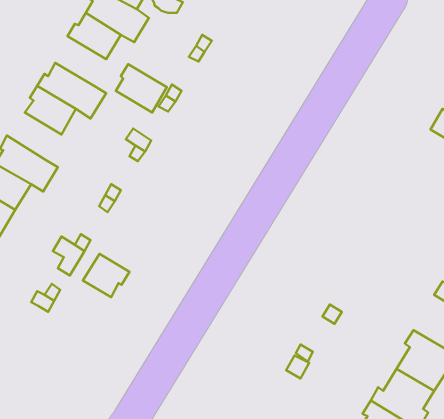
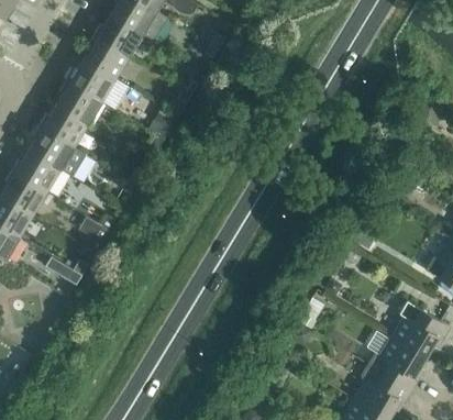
building: [116,64,167,113] -> [82,35,129,79]
building: none -> [38,104,88,147]
building: [83,254,129,297] -> none

